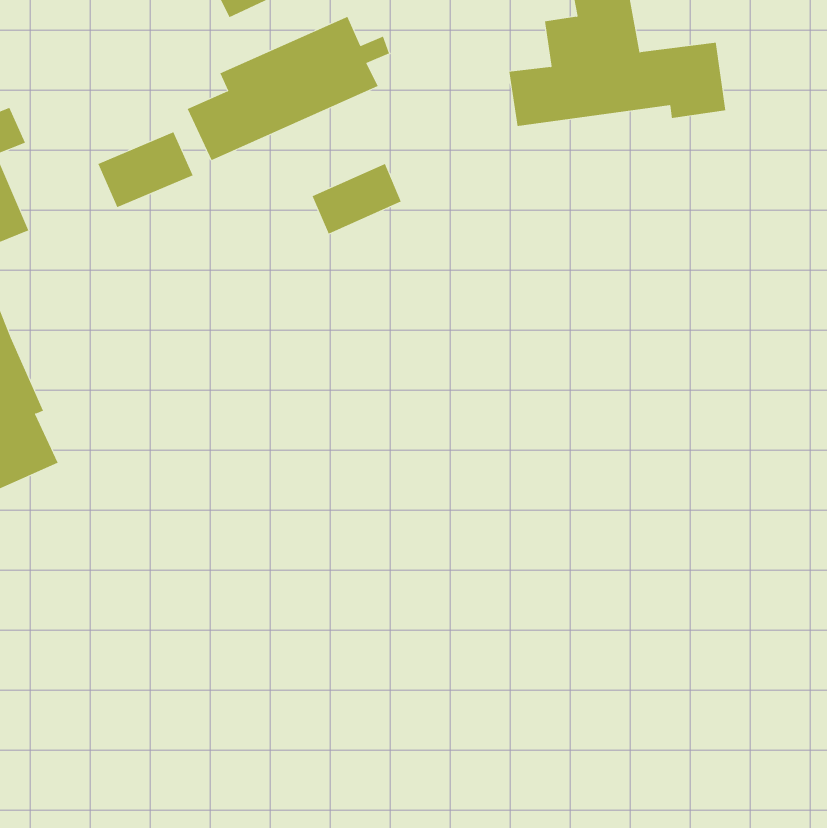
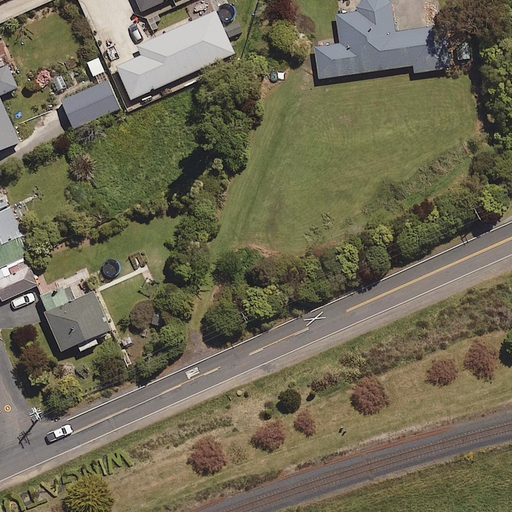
building: [312,163,402,234] -> none
building: none -> [38,285,108,351]

